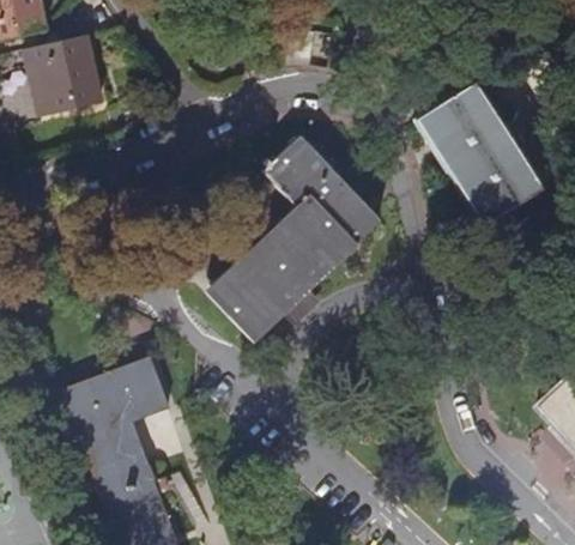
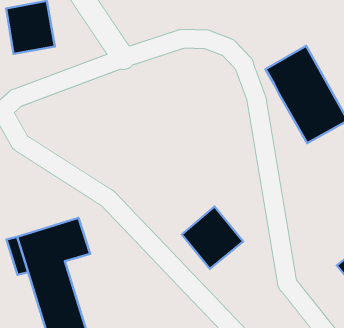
building: [213,137,382,331] -> none
building: none -> [182,206,243,269]

